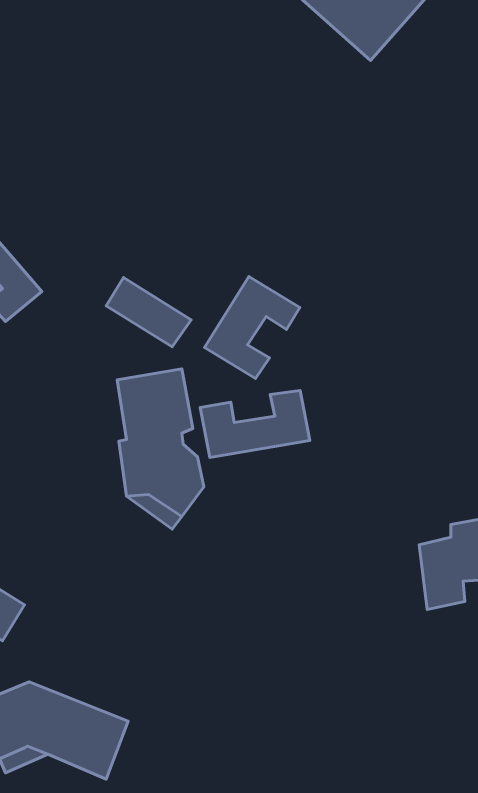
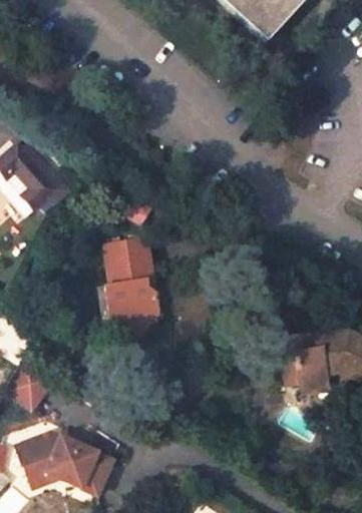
building: [204,277,300,378] -> none
building: [200,390,310,458] -> none

